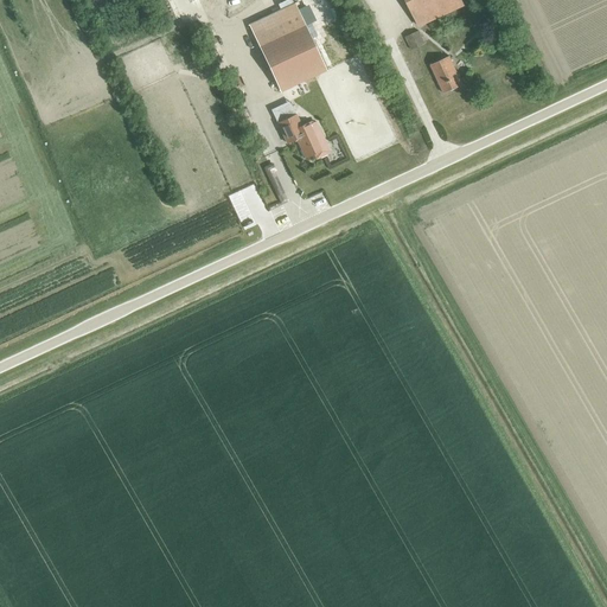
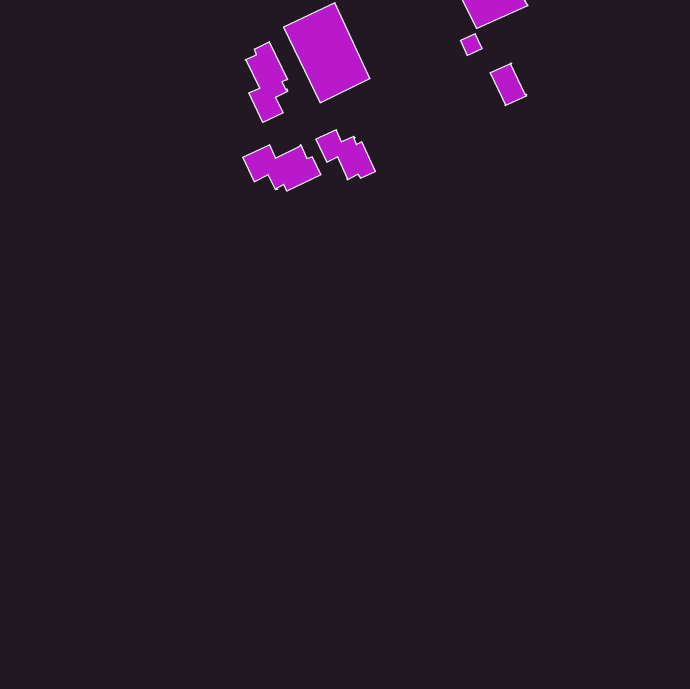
building: none -> [245,42,287,122]
building: none -> [243,145,321,191]

